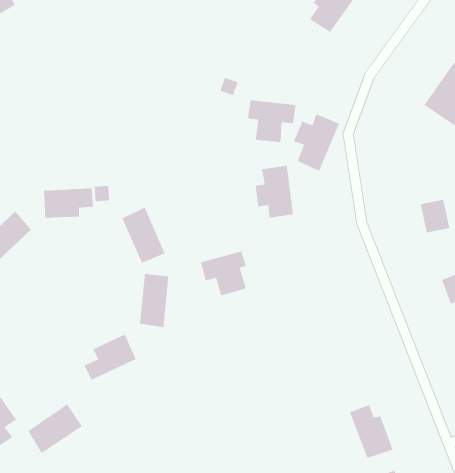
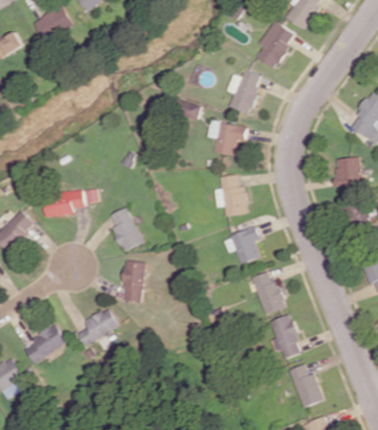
building: [293,113,340,171] -> [227,68,264,114]
building: none -> [333,156,361,186]
building: [200,251,247,296] -> [223,228,260,264]
building: none -> [251,270,285,314]
building: none -> [269,314,302,359]
building: [27,403,83,454] -> [23,324,67,364]

